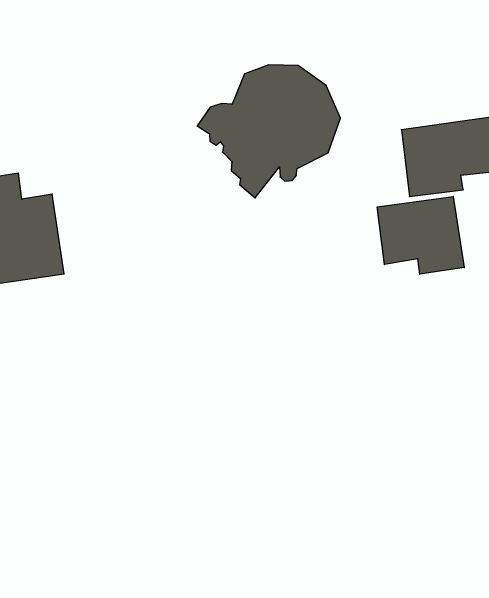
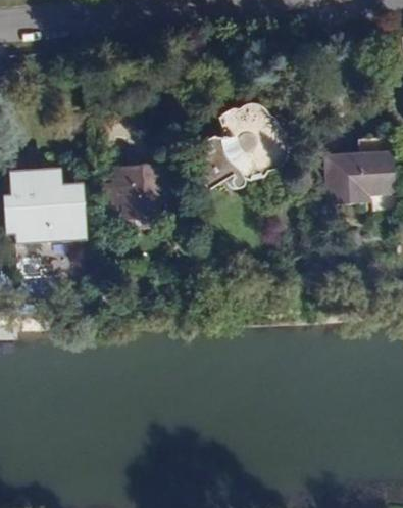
building: none -> [110,159,168,218]
building: [377,196,464,274] -> none

